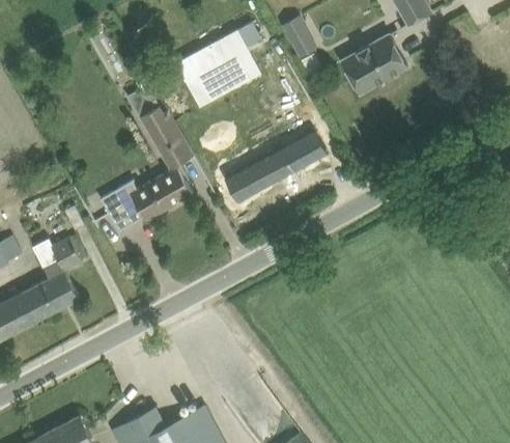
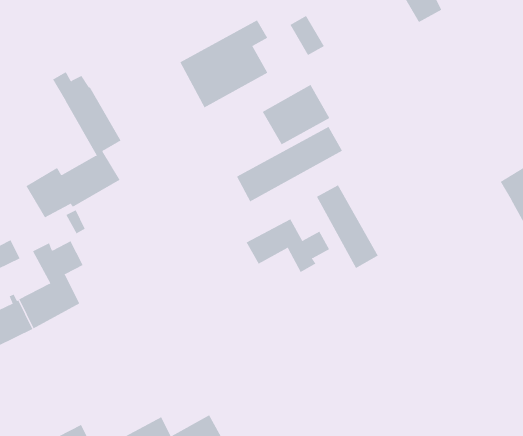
building: [341,34,407,93] -> [262,84,330,145]
building: [101,88,194,231] -> [25,71,121,218]
building: none -> [316,185,379,269]
building: none -> [246,219,330,273]

